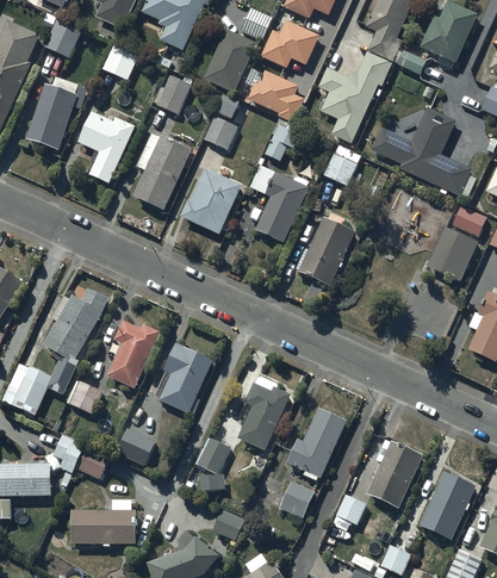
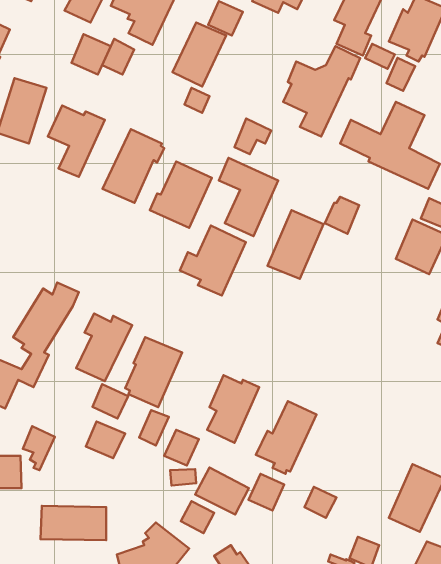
building: [43,19,81,57] -> none
building: [260,19,319,67] -> none
building: none -> [386,58,415,91]
building: [247,69,304,123] -> none
building: [156,77,188,113] -> [102,39,134,75]
building: [203,114,236,149] -> none
building: [324,148,359,185] -> [325,197,359,234]
building: none -> [180,226,246,296]
building: [67,378,102,412] -> [93,384,128,419]
building: none -> [139,410,169,445]
building: [367,441,423,508] -> none
building: [76,446,108,478] -> none
building: none -> [195,467,249,514]

